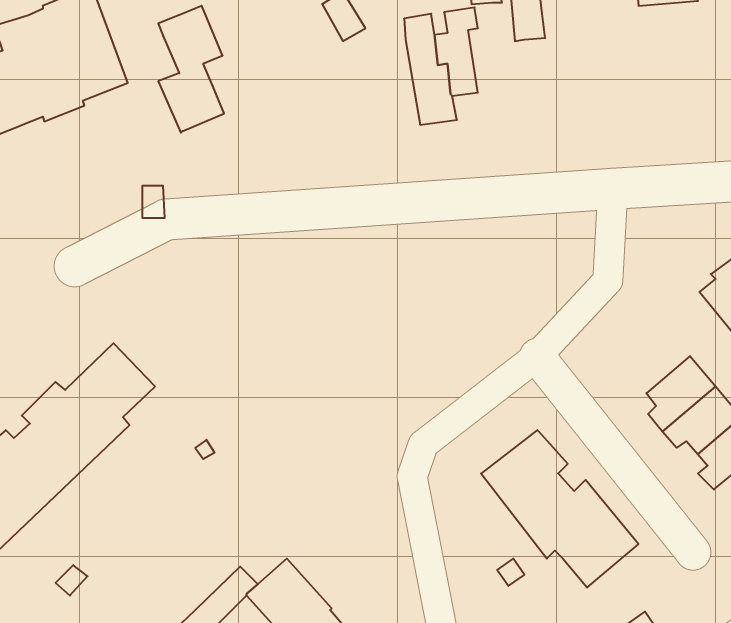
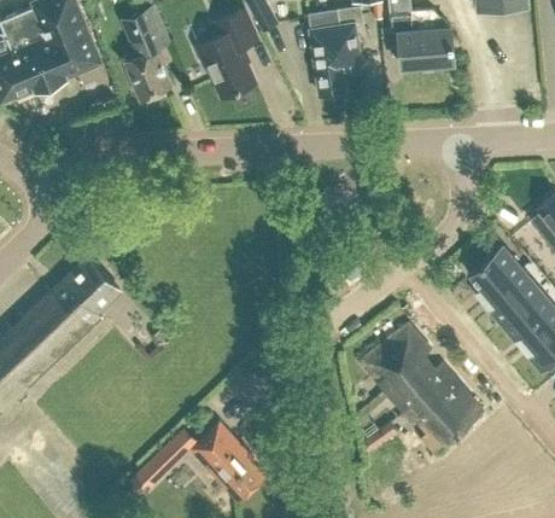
building: none -> [398,10,454,68]
building: none -> [195,11,257,98]
building: none -> [469,245,522,297]

